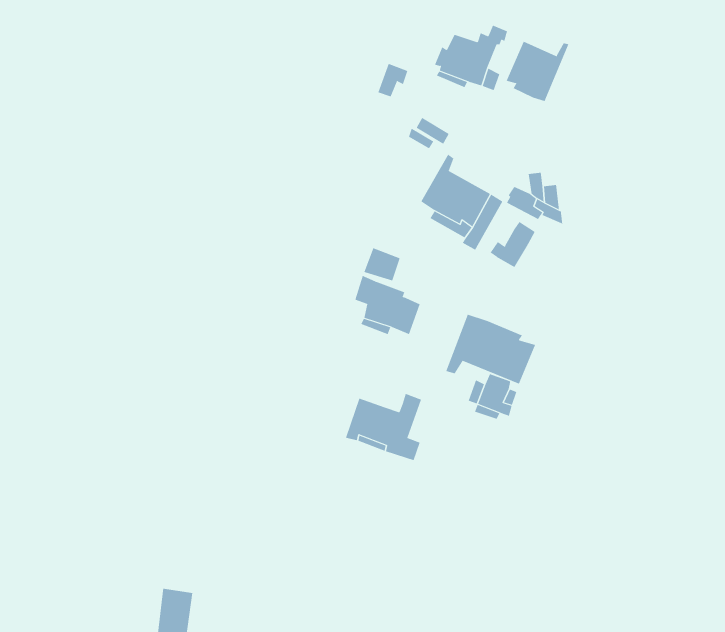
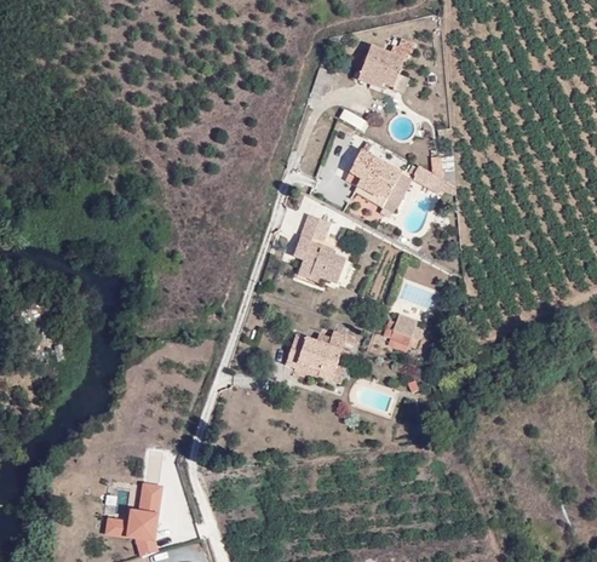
building: [506,41,569,102] -> none
building: [490,221,536,268] -> none
building: [445,314,536,384] -> none

